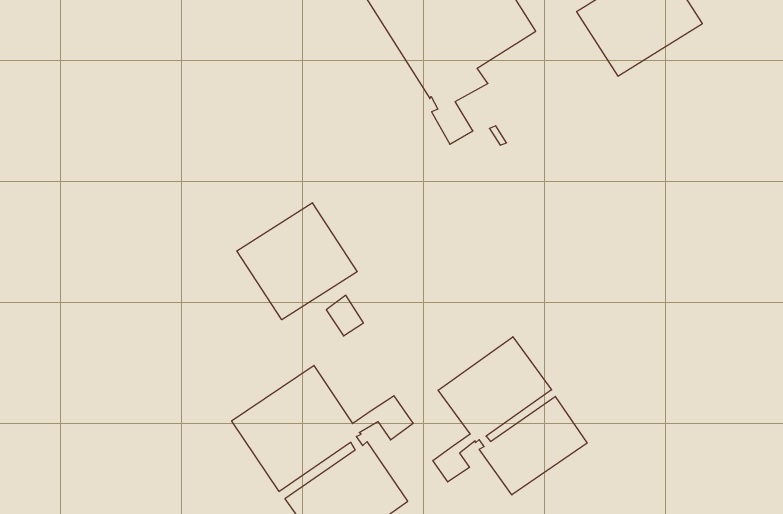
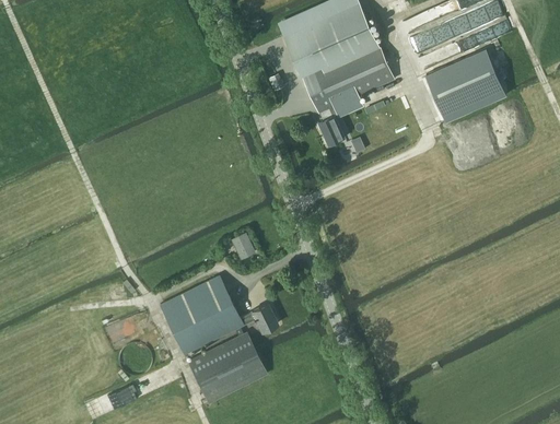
building: [237,203,357,320] -> none
building: [433,337,587,495] -> none

